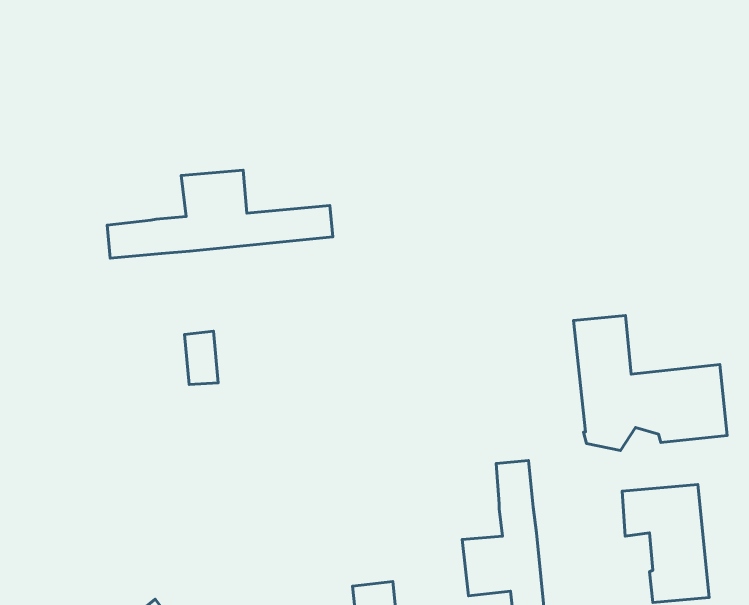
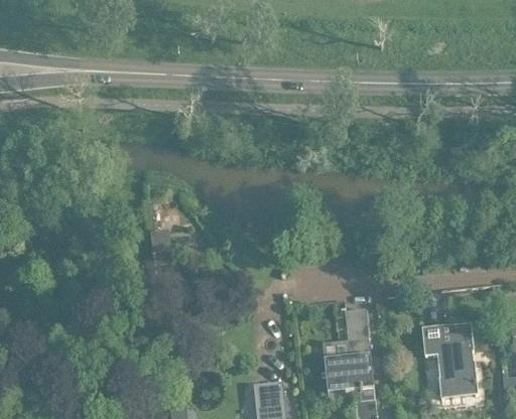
building: [107,170,333,258] -> none
building: [573,316,727,451] -> none

